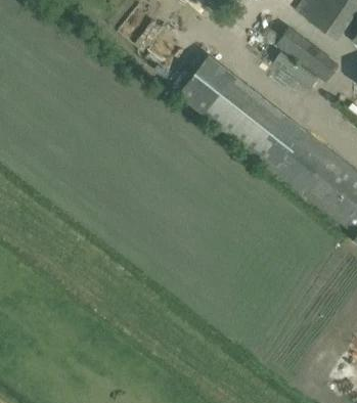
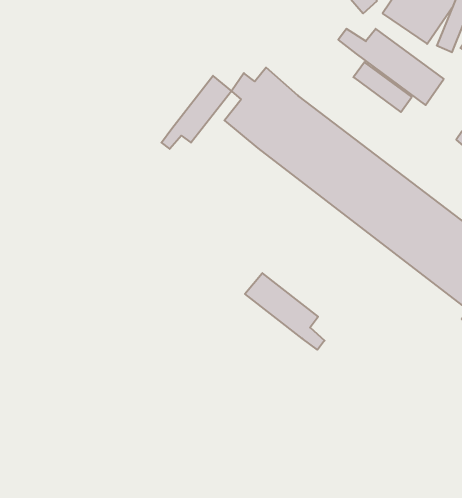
building: none -> [161,76,231,149]
building: none -> [245,273,325,350]

